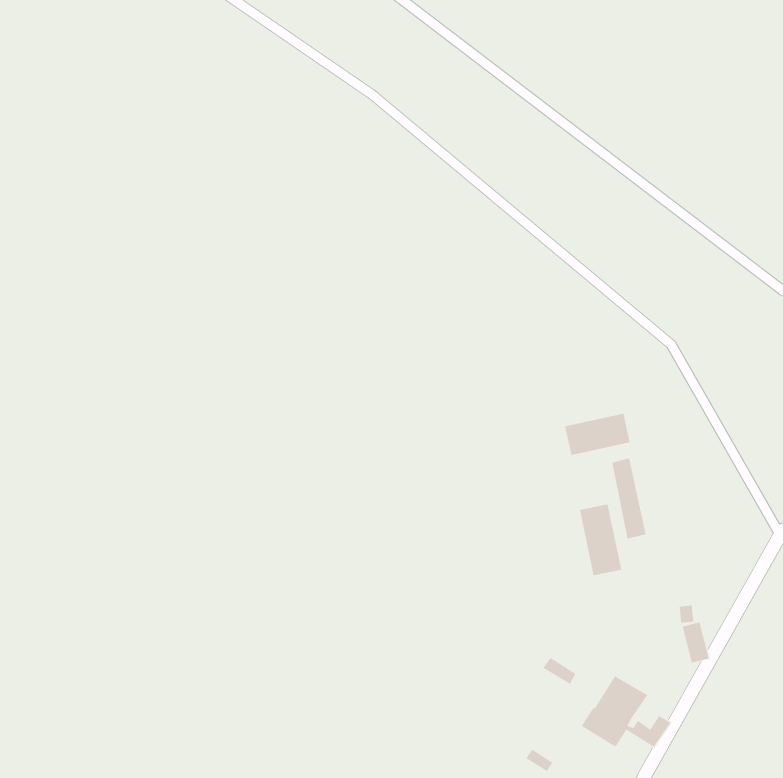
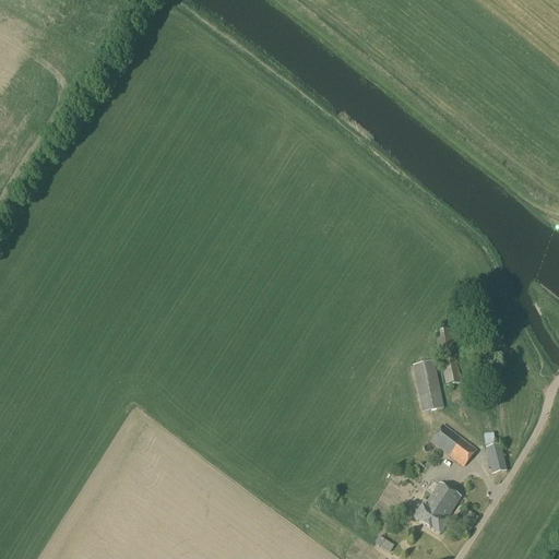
building: [565,413,630,456] -> none
building: none -> [430,424,476,465]

